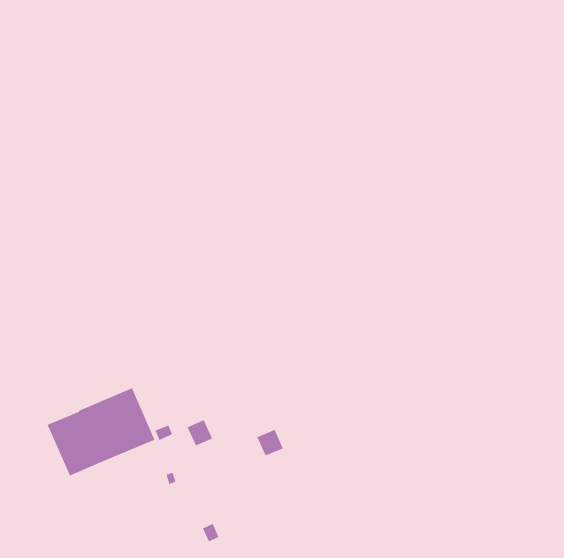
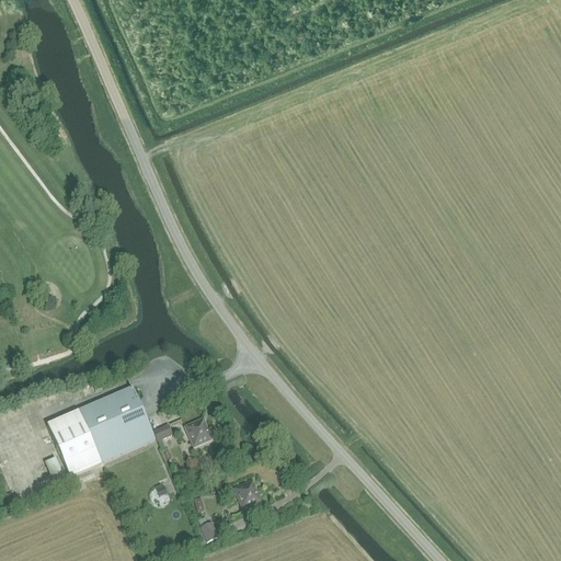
building: [256,429,284,457] -> [233,479,261,506]

